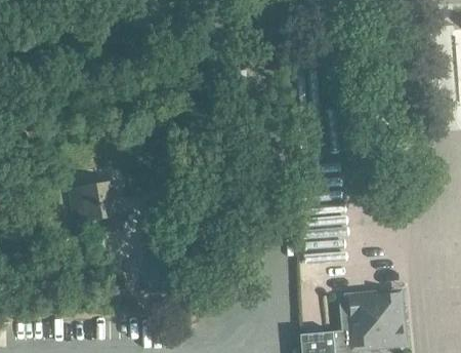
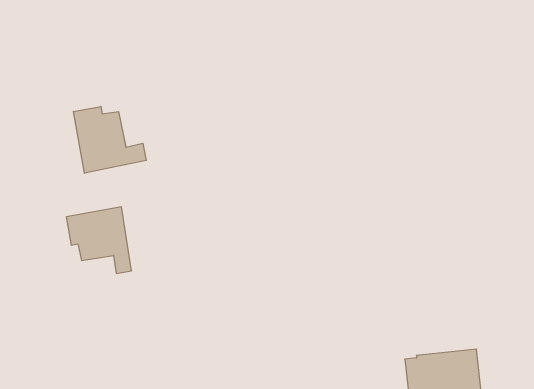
building: none -> [73,106,146,173]

